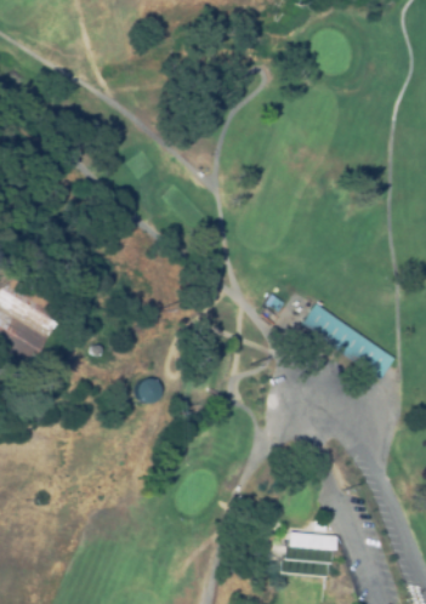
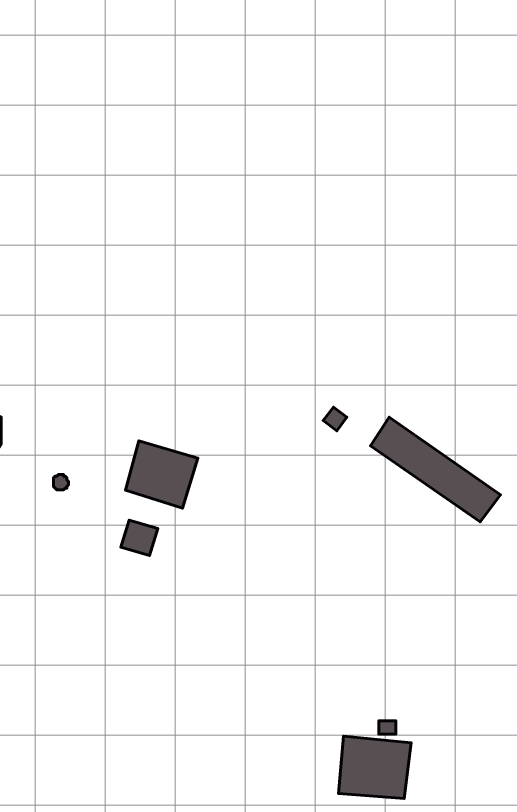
building: none -> [125,441,198,508]

